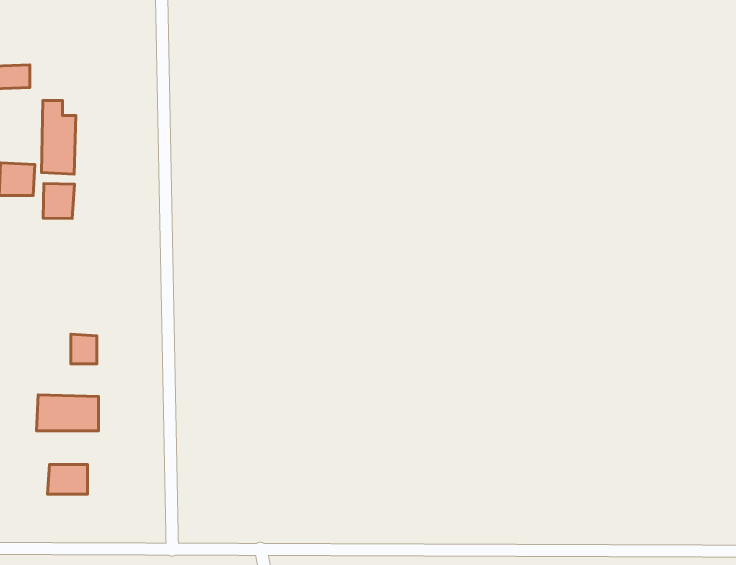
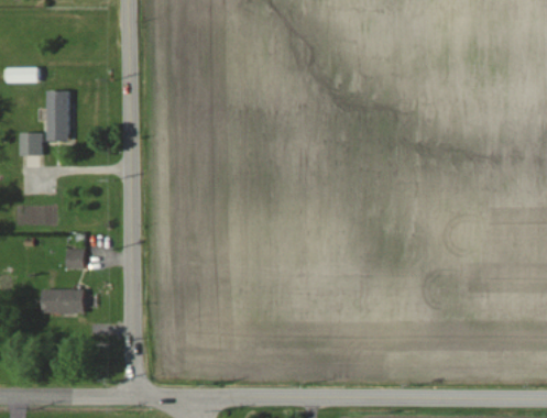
building: [43,184,74,219] -> none
building: [48,464,87,494] -> none

